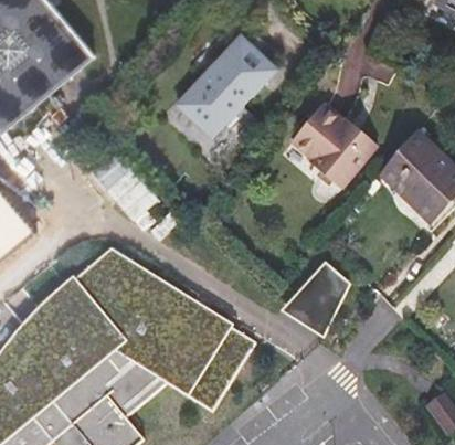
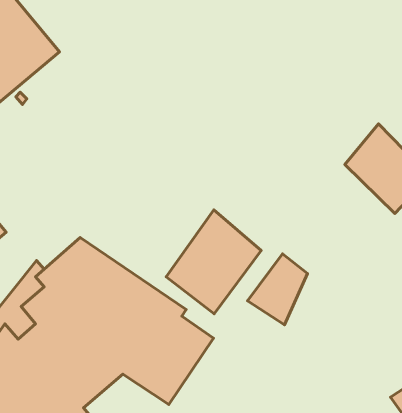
building: [179,38,272,134] -> none
building: [292,105,374,187] -> none
building: none -> [166,210,261,314]

